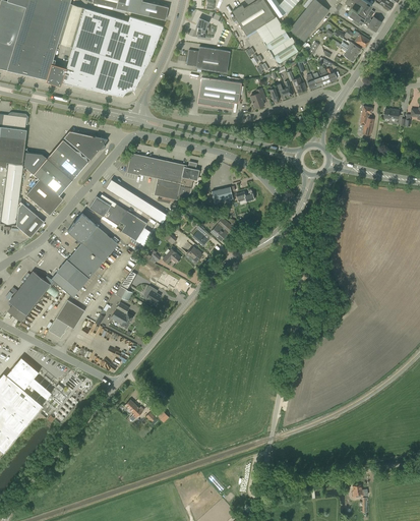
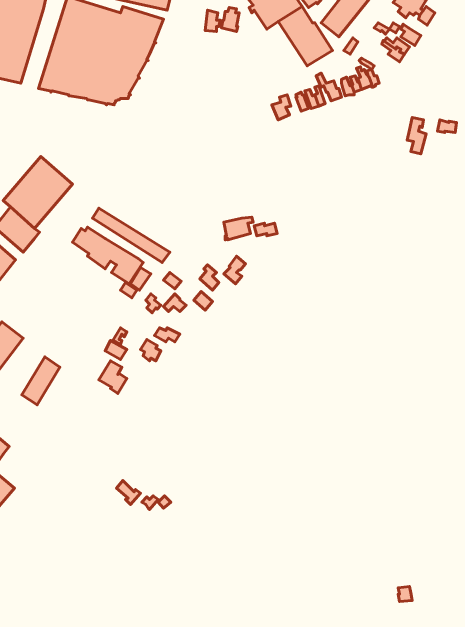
building: [186,46,230,73] -> none
building: [197,76,241,109] -> none
building: [64,131,107,160] -> none
building: [127,155,199,200] -> none
building: [51,213,118,297] -> none

